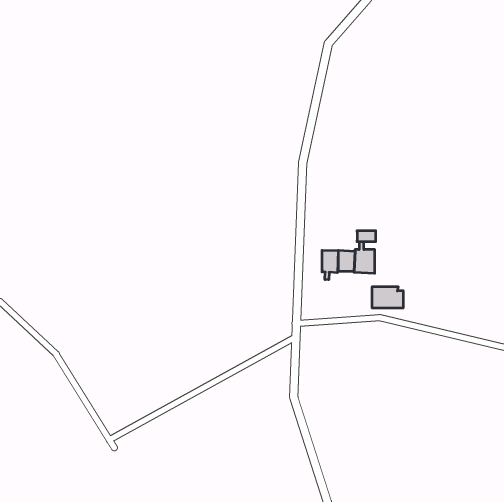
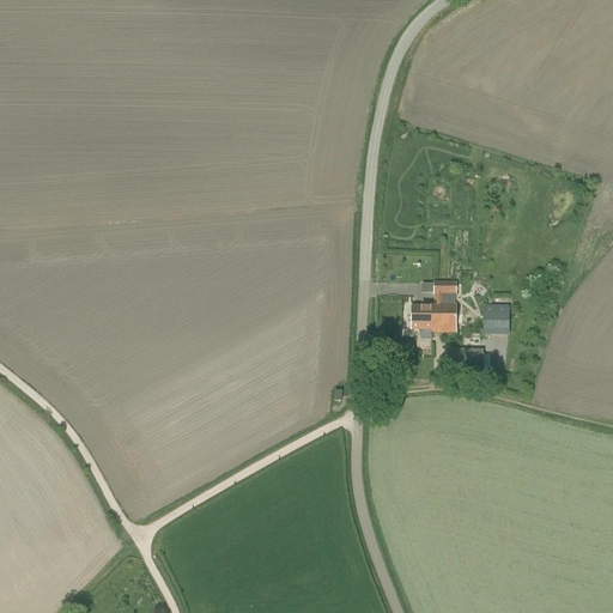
building: [322,250,338,280] -> none
building: none -> [484,304,509,334]

